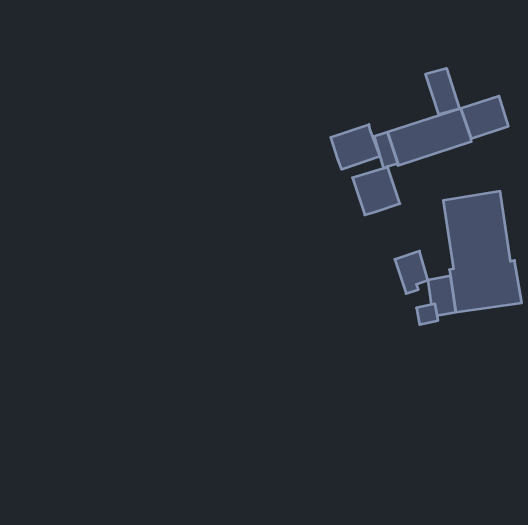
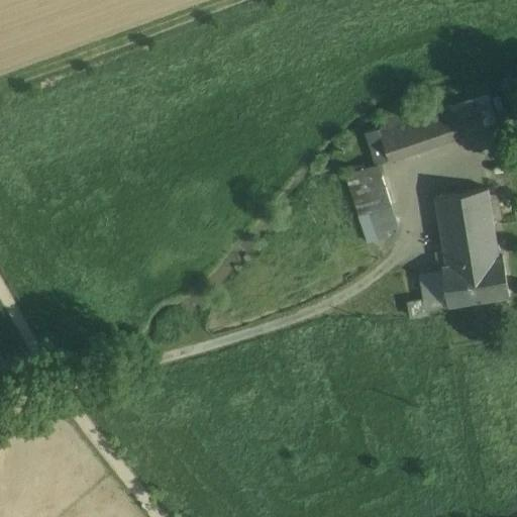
building: [426,68,460,115] -> none
building: [331,124,380,169] -> none
building: [395,251,428,294] -> [367,202,399,243]

